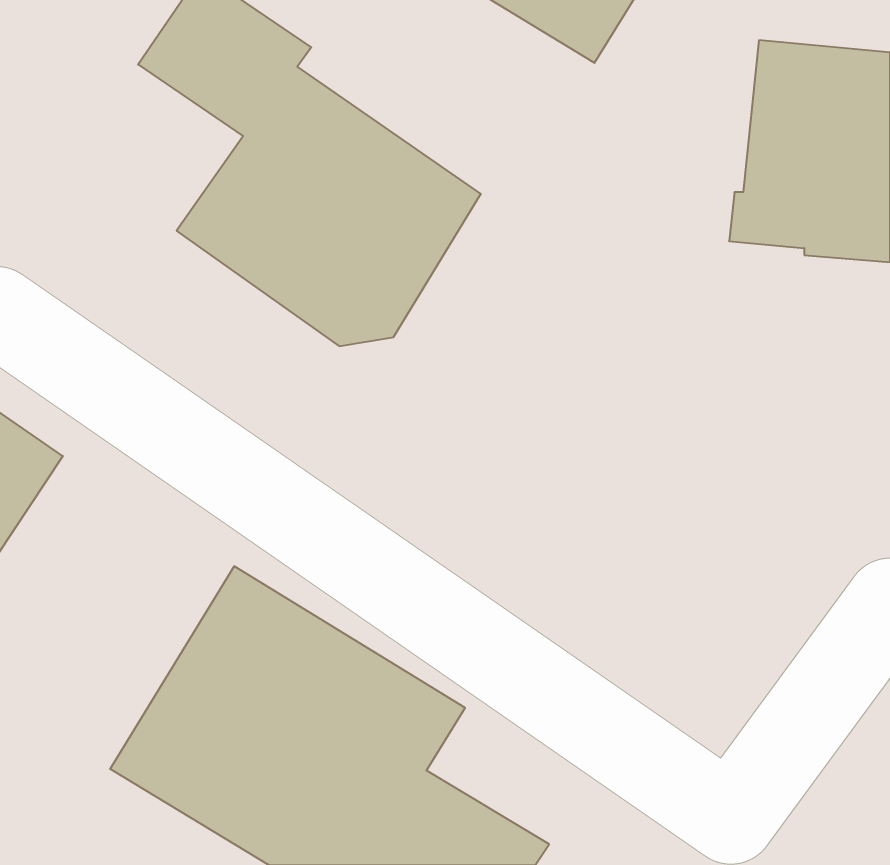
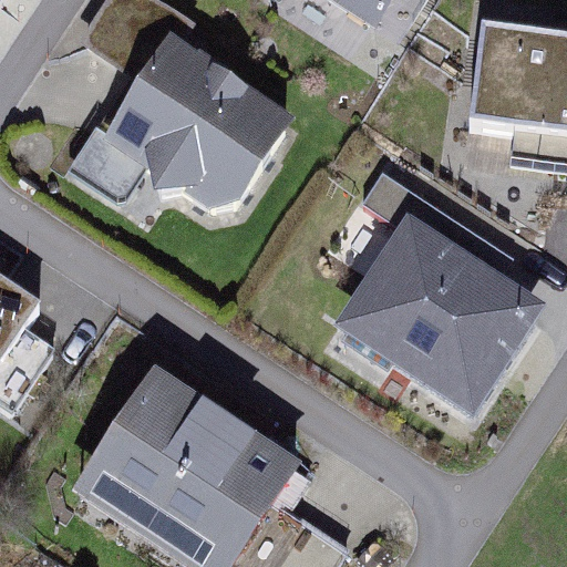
building: none -> [333,223,545,422]

